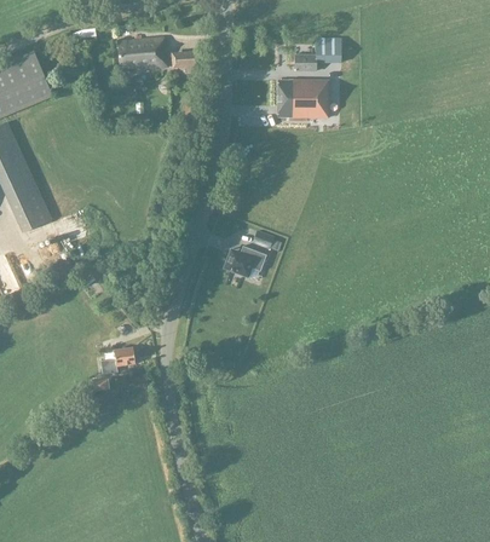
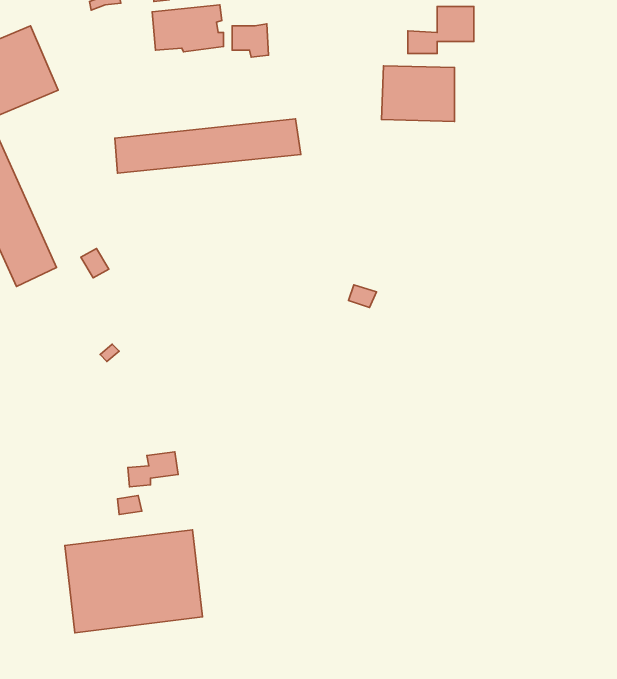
building: none -> [115,119,301,173]
building: [225,246,267,276] -> none
building: none -> [65,530,202,633]

